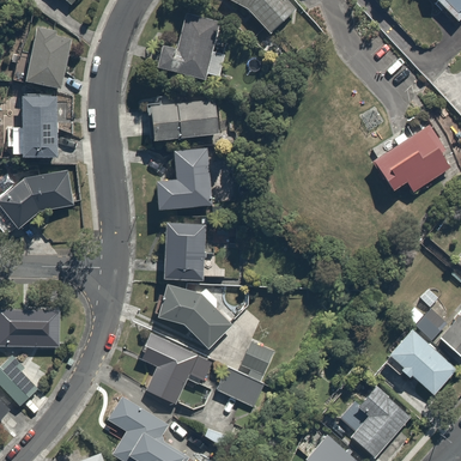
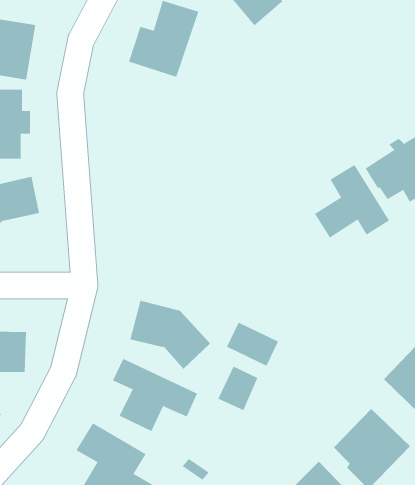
building: [150,101,224,137] -> none
building: [158,147,216,208] -> none
building: none -> [314,164,390,238]
building: [164,220,205,275] -> none
building: [216,369,263,410] -> [226,322,279,367]

